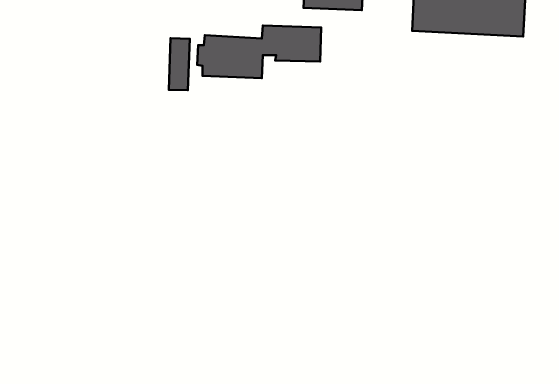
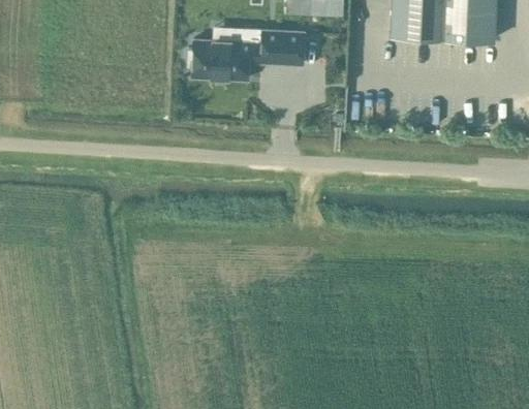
building: [169,38,190,90] -> none

